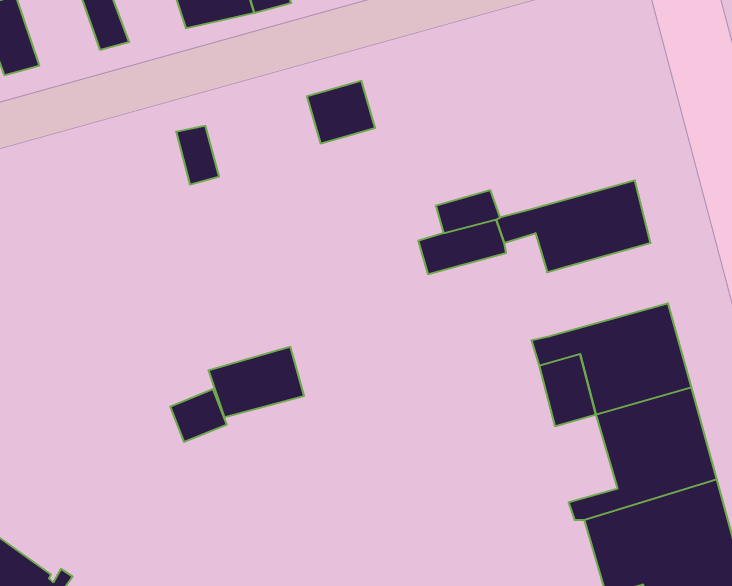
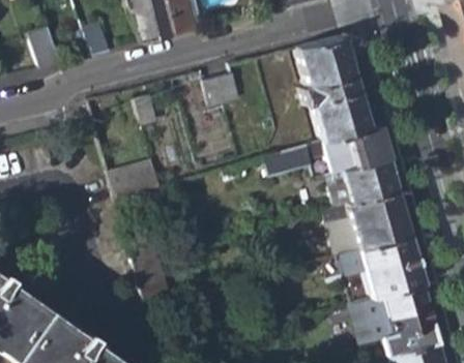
building: none -> [299,34,370,139]
building: none -> [329,156,399,206]
building: [208,347,304,417] -> [111,159,162,196]

